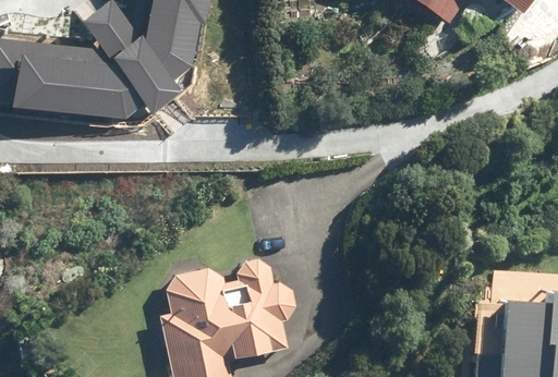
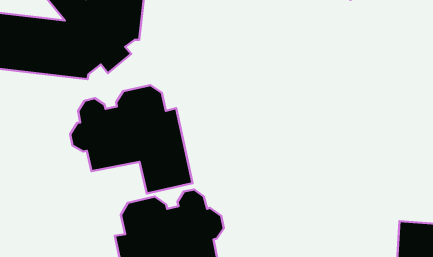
building: none -> [70,85,192,193]

